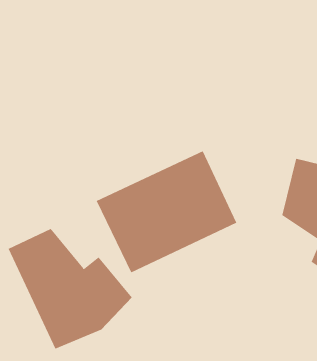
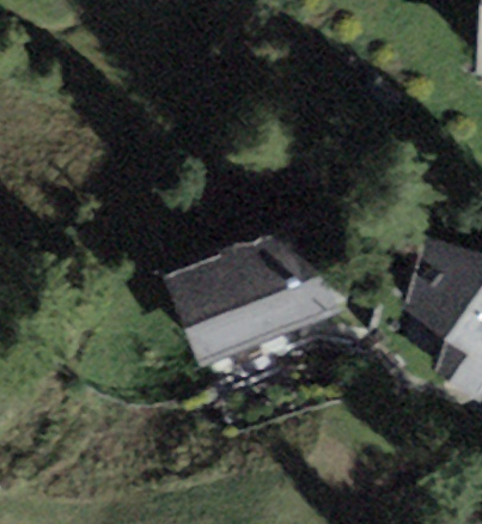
building: [8,228,133,349] -> none

